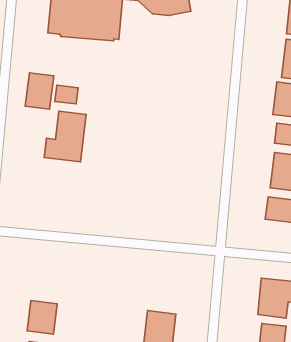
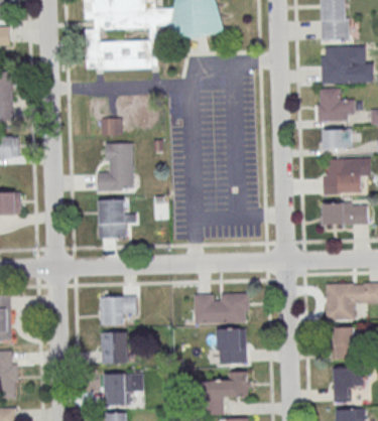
building: [25,73,54,109] -> none
building: none -> [99,199,136,238]
building: none -> [102,297,137,324]
building: none -> [194,293,250,323]

